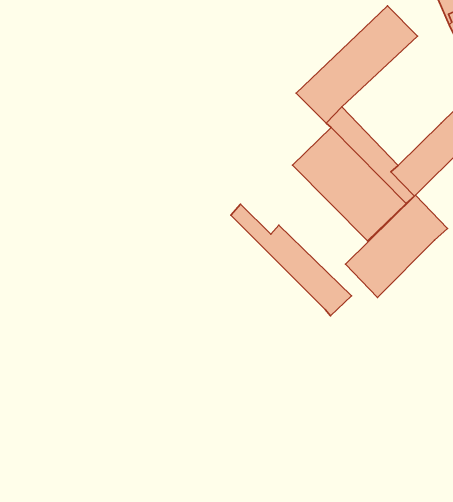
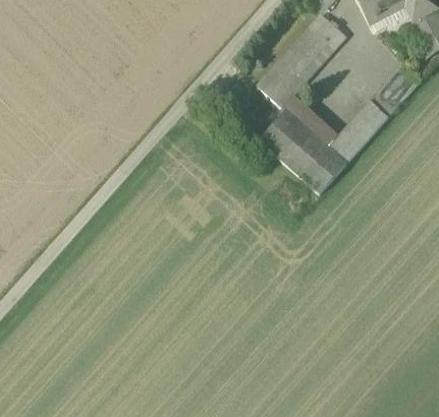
building: [346,195,448,298] -> none
building: [231,204,352,316] -> none

